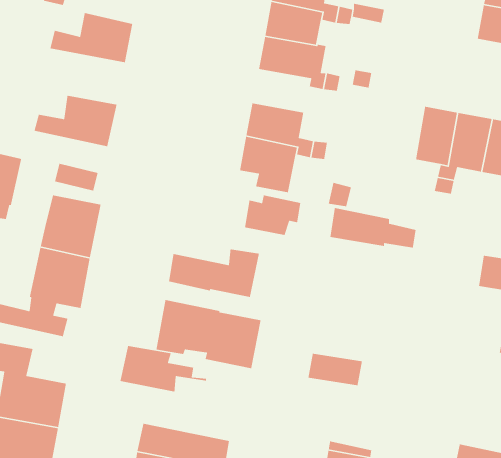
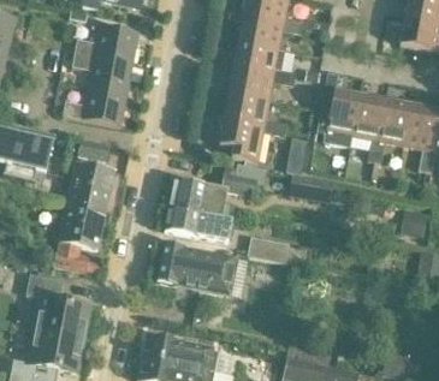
building: none -> [73,52,134,94]
building: none -> [230,67,274,100]
building: none -> [319,90,361,142]
building: [120,345,207,393] -> [170,179,236,215]
building: [307,353,363,386] -> [249,237,291,262]

